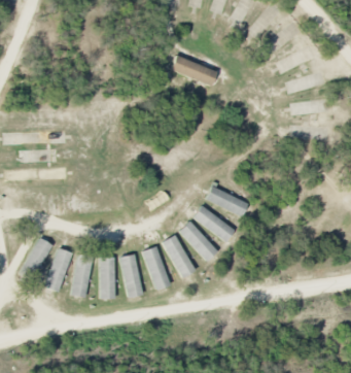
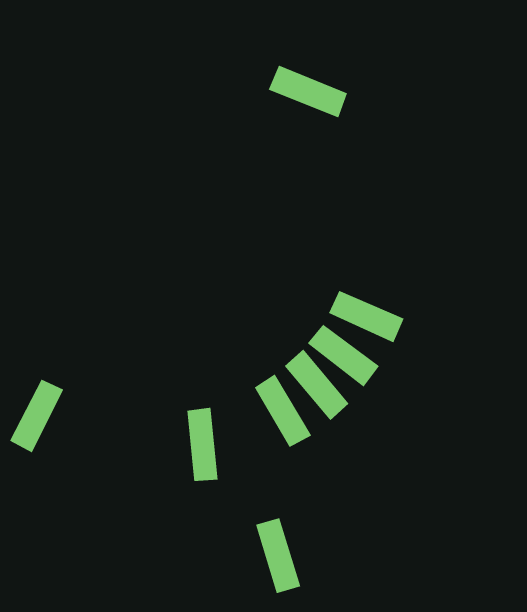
building: [143,245,170,290] -> [255,517,301,594]
building: [44,247,73,292] -> none
building: [71,253,94,297] -> none
building: [100,257,115,299] -> none

